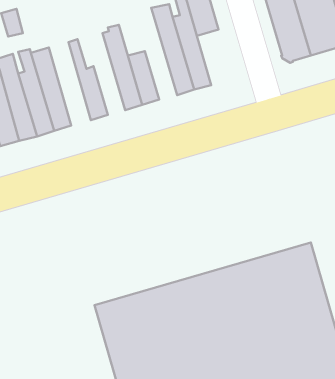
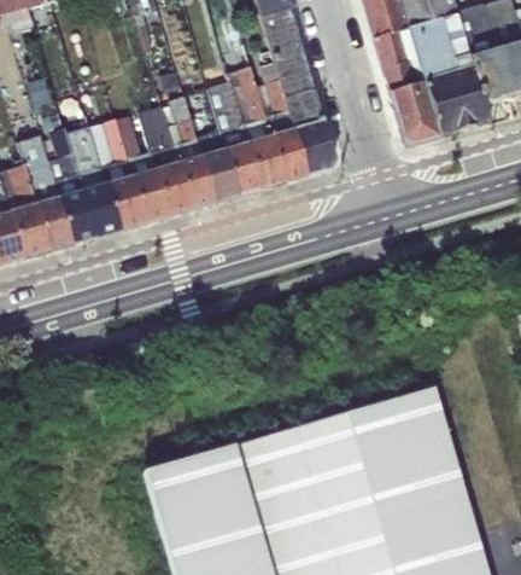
building: none -> [204,79,259,194]
building: none -> [286,100,333,175]
building: none -> [135,104,189,215]
building: none -> [87,117,144,230]

